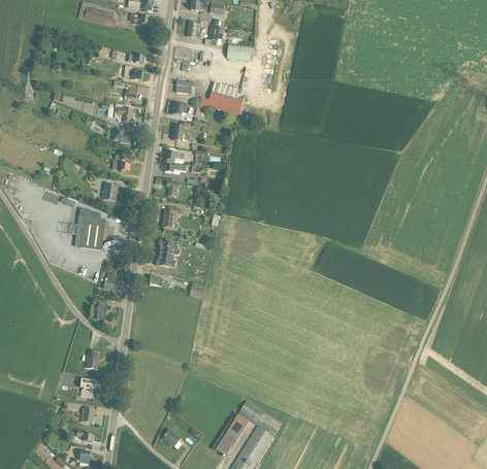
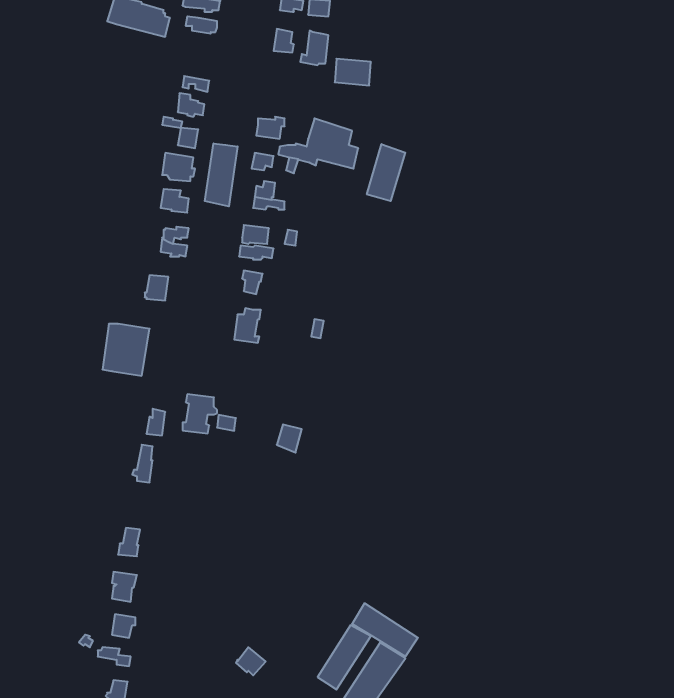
building: none -> [205,143,238,206]
building: none -> [367,144,405,201]
building: [157,240,180,266] -> [183,394,217,433]

